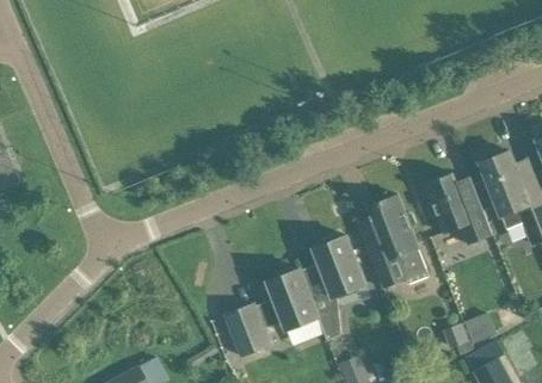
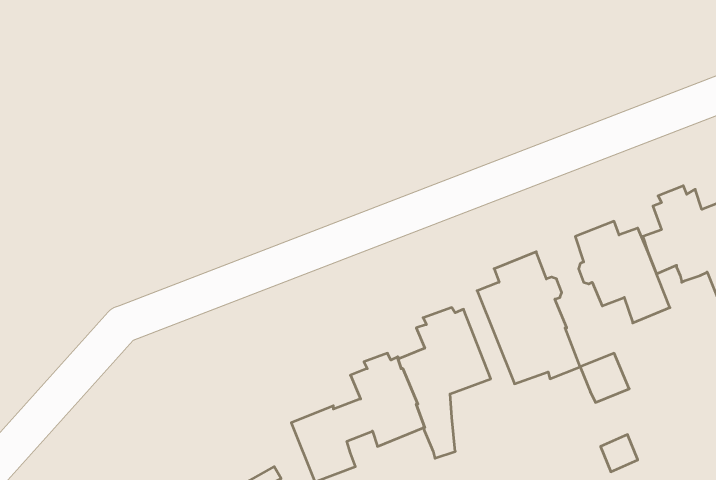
building: [463,314,498,348] -> [580,353,629,402]

